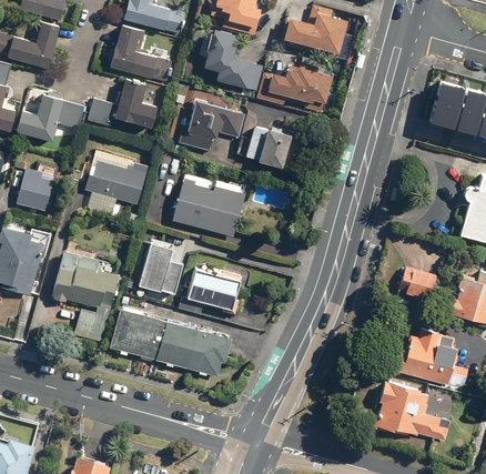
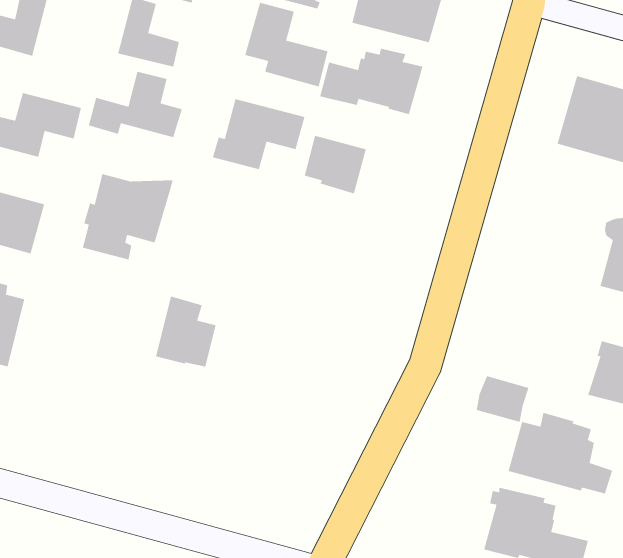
building: [171,175,244,236] -> none
building: [51,251,119,341] -> none
building: [398,265,437,300] -> [476,375,529,423]
building: [179,268,244,314] -> none
building: [109,309,232,376] -> none

